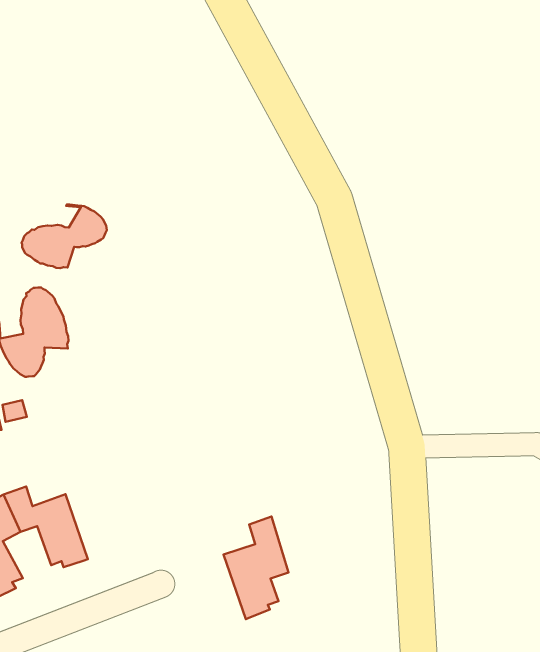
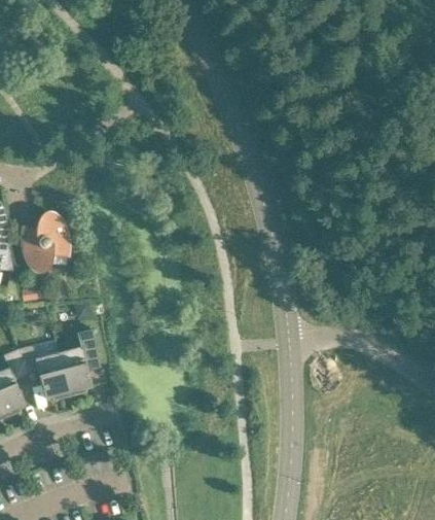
building: [21,204,107,268] -> none
building: [224,516,289,619] -> [59,328,101,395]

